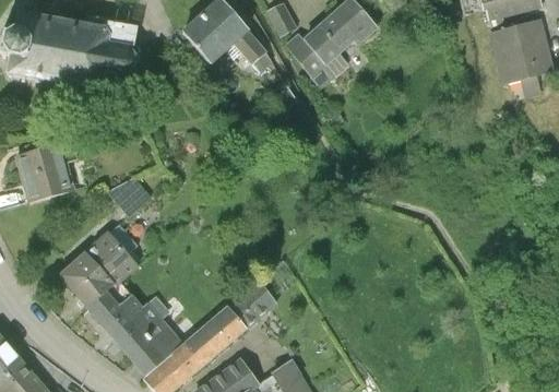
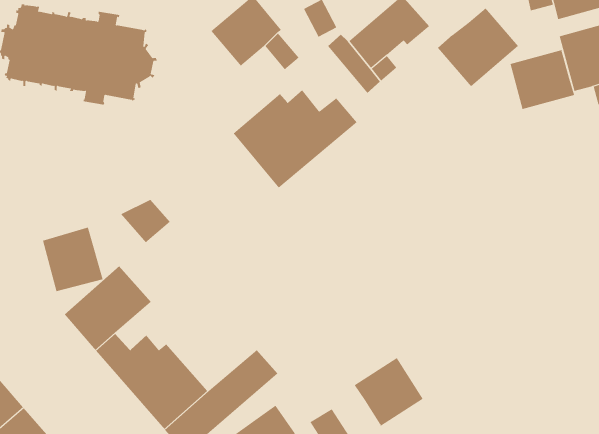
building: none -> [437,7,519,87]
building: none -> [510,49,575,110]
building: none -> [233,90,357,189]
building: [14,144,68,201] -> [42,227,104,292]
building: [225,282,273,329] -> none
building: none -> [354,357,424,427]

